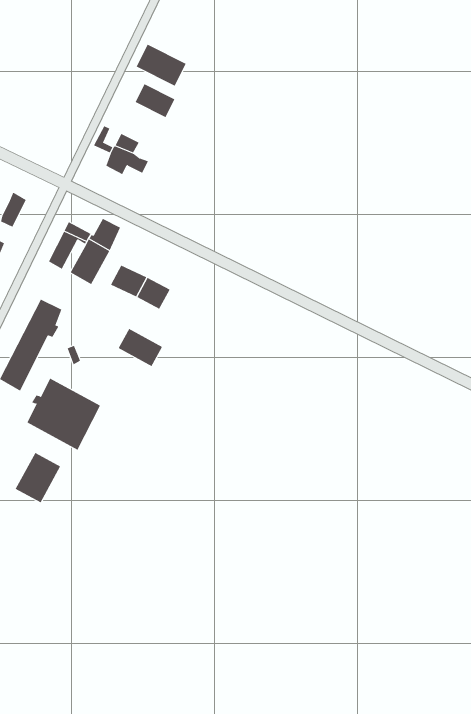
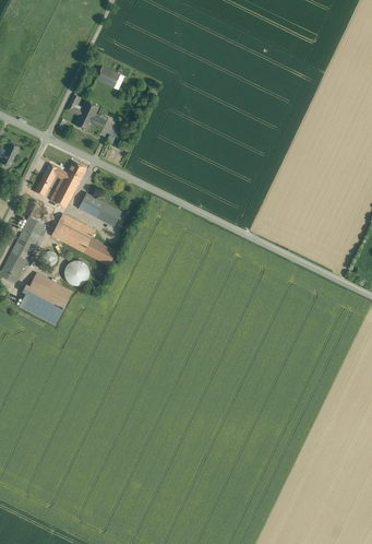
building: [136,44,187,86] -> none
building: none -> [51,213,96,252]
building: none -> [64,260,89,285]
building: [15,452,61,503] -> none

